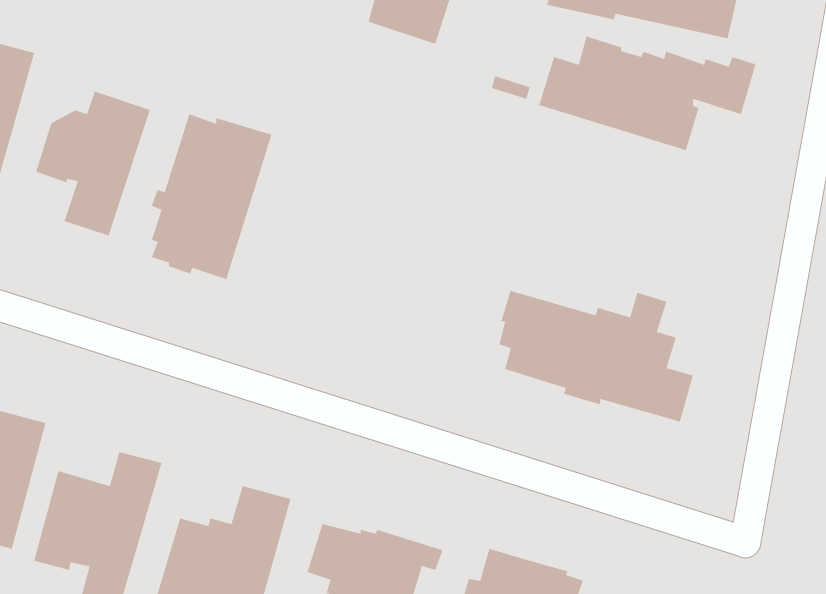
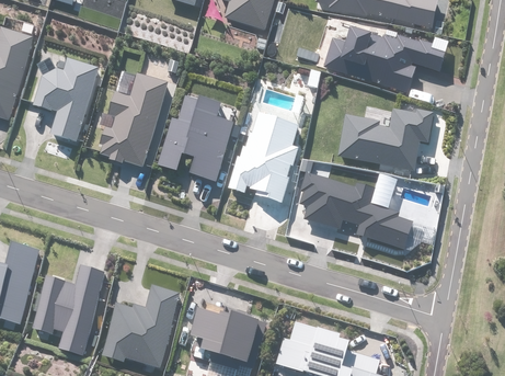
building: none -> [158,95,234,181]
building: none -> [337,109,434,171]
building: none -> [228,114,299,203]

